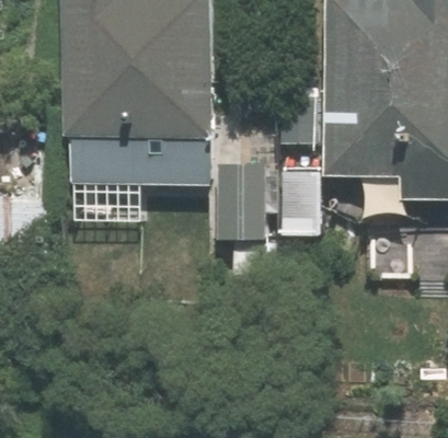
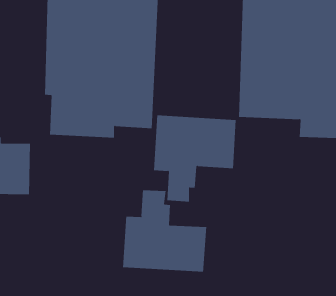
building: none -> [123,189,207,273]

